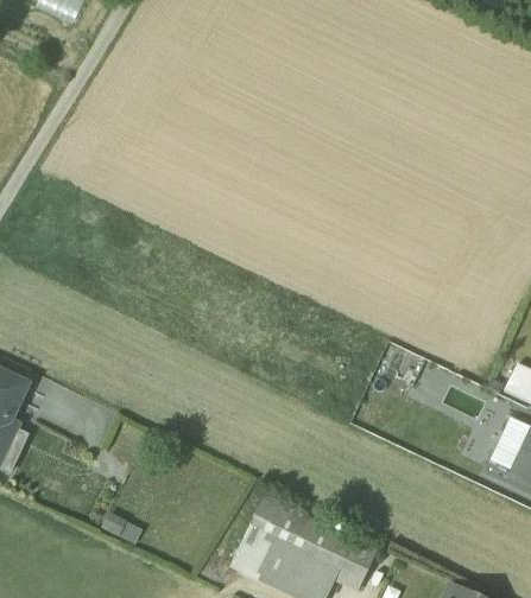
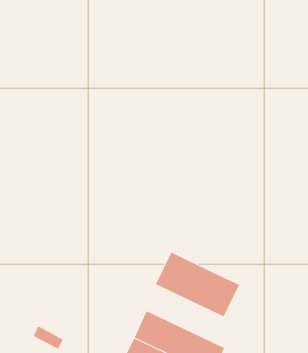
building: none -> [155,252,240,317]

